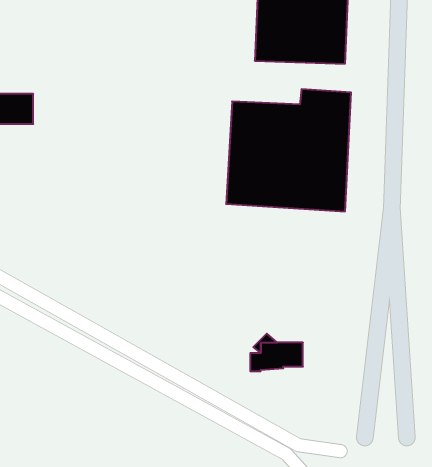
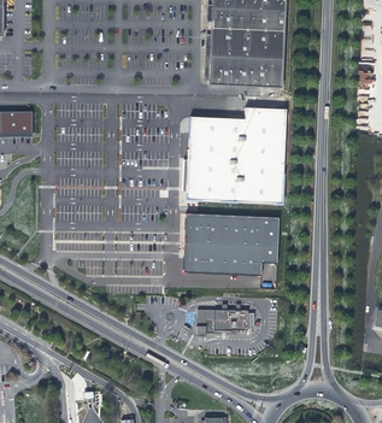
building: none -> [184,215,280,276]

